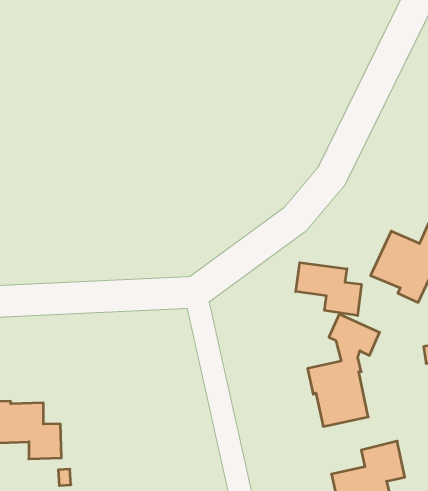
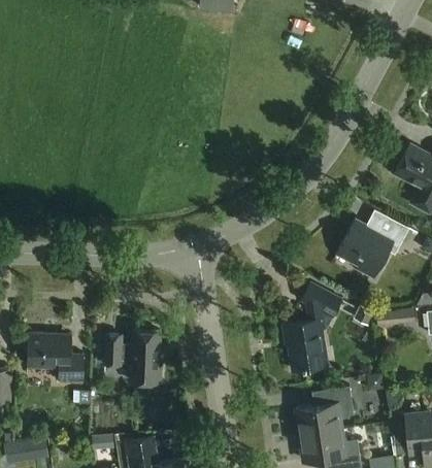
building: [296,263,361,316] -> none
building: none -> [105,330,162,382]

